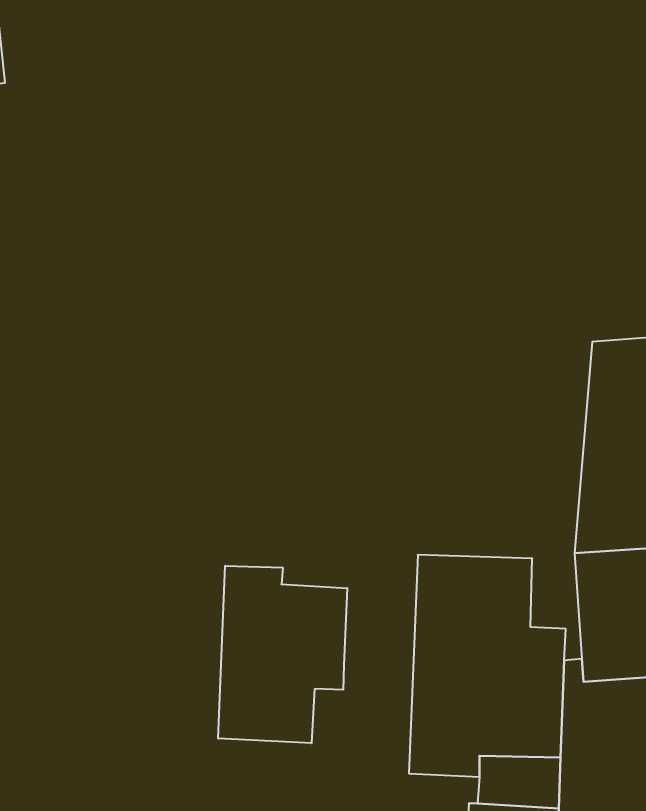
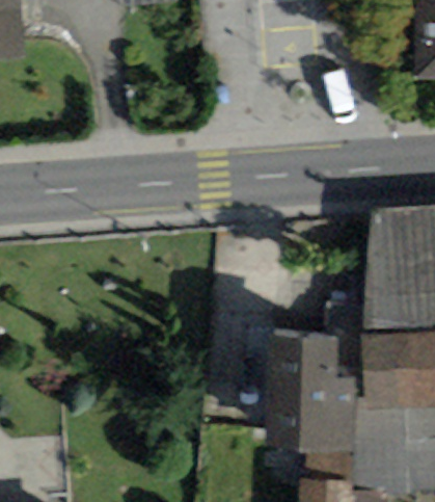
building: [218,566,347,743] -> none

